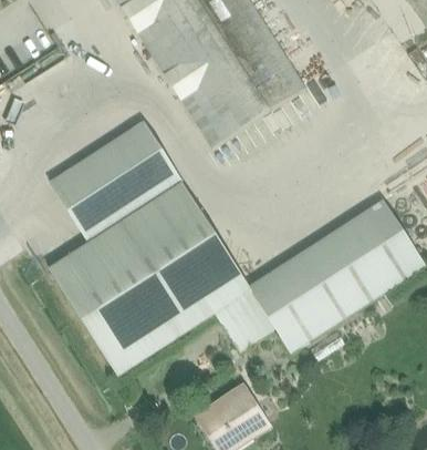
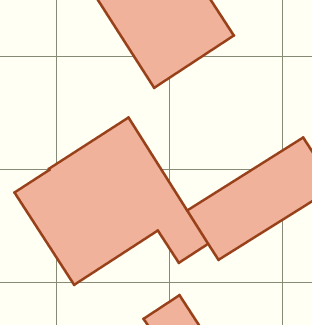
building: [50,120,181,238] -> none

